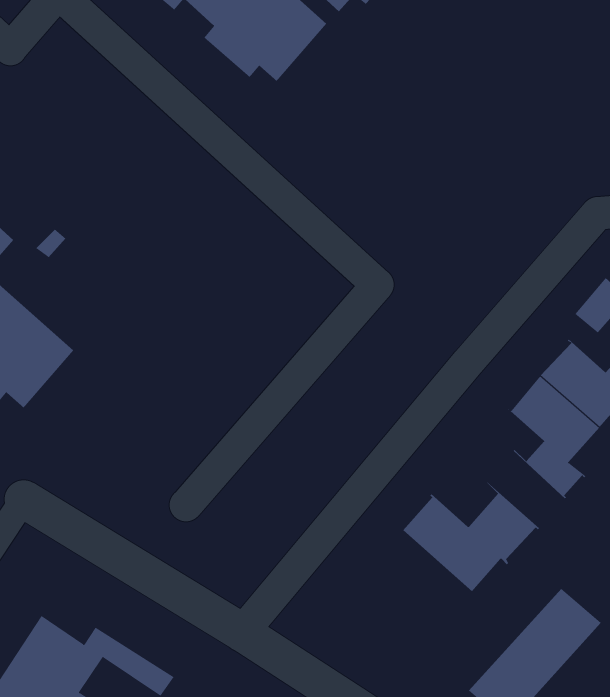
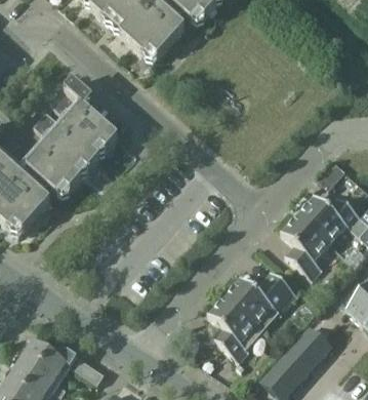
building: none -> [28,79,119,193]
building: none -> [208,294,262,359]

